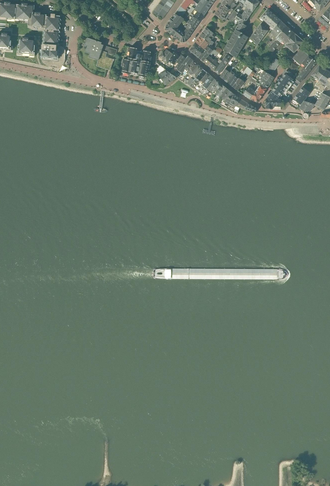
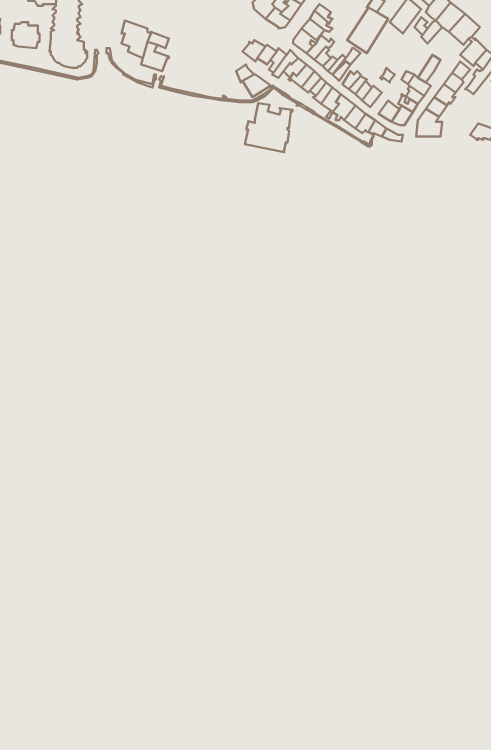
building: [122,47,151,77] -> [245,103,292,152]

